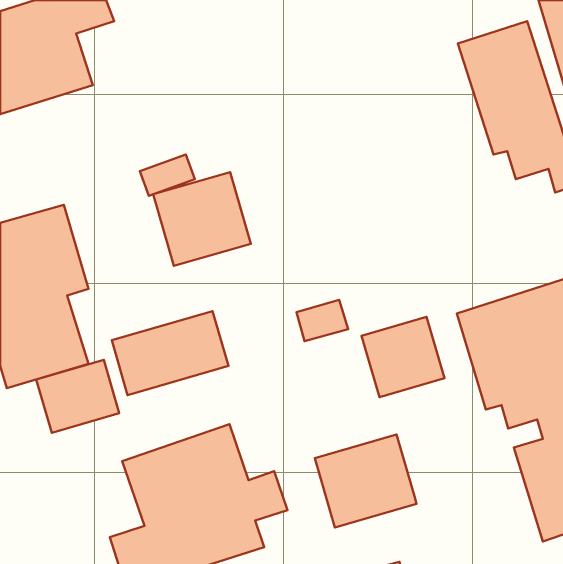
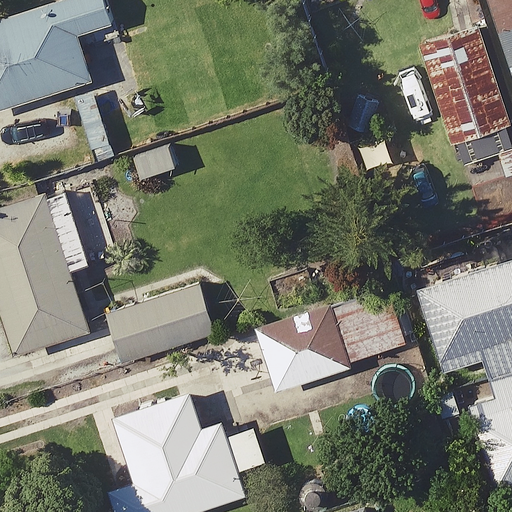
building: [153,172,251,266] -> none
building: [36,360,119,433] -> none
building: [315,435,417,527] -> [258,307,349,390]

